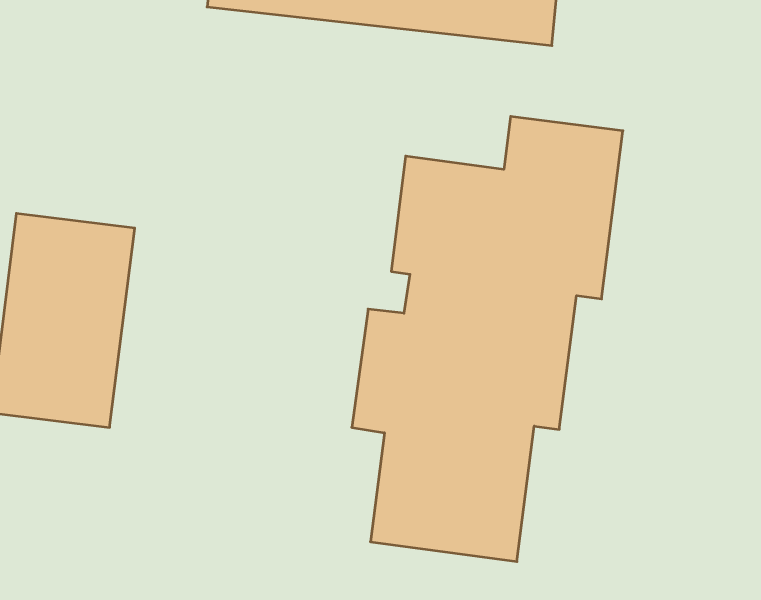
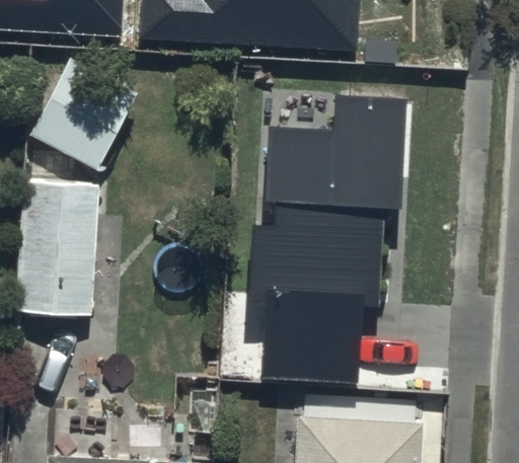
building: none -> [30,57,139,169]

